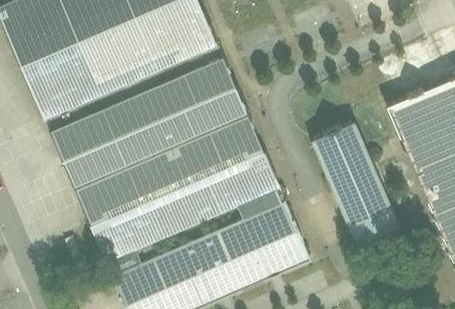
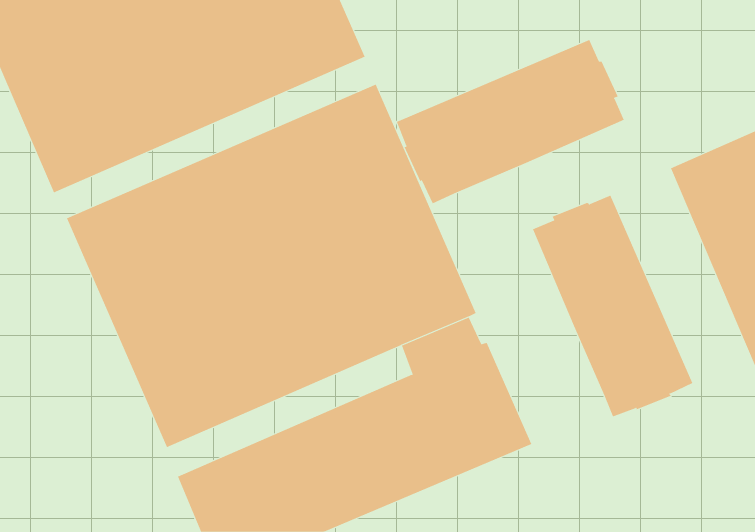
building: none -> [396,39,625,204]

